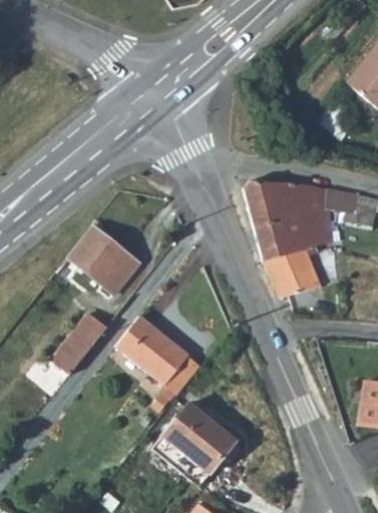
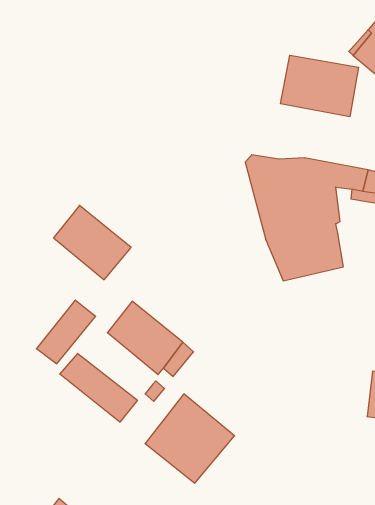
building: none -> [280,55,359,117]
building: none -> [60,353,137,422]

